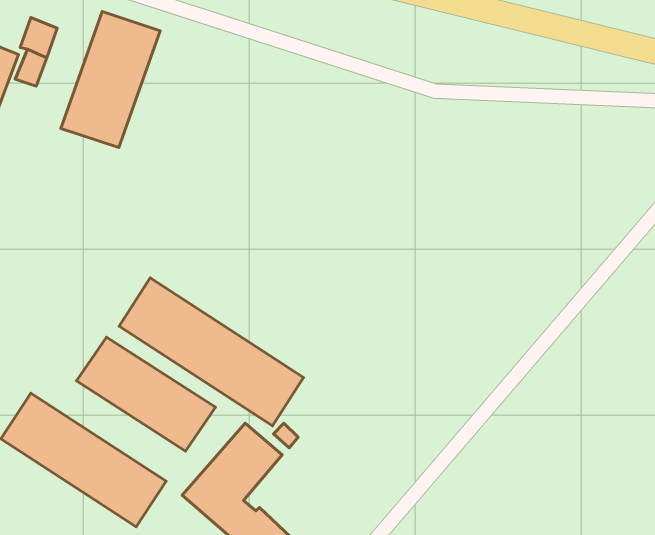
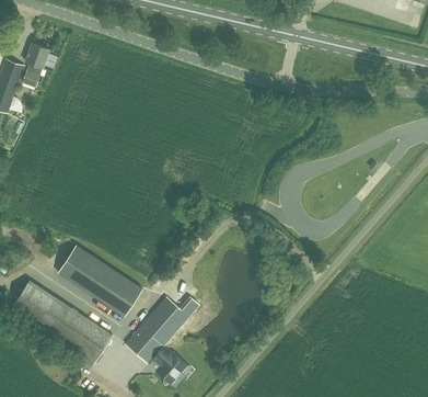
building: [61,12,160,148] -> none
building: [119,278,304,426] -> none

